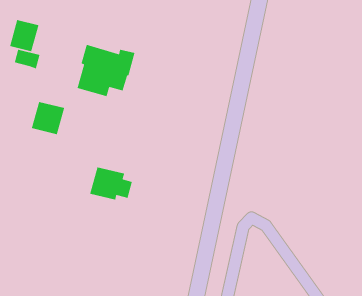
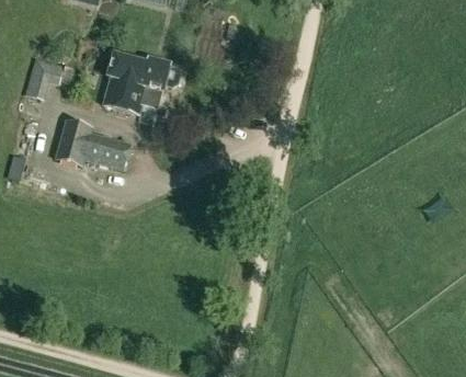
building: [9,19,39,52] -> none
building: [89,166,133,201] -> [82,129,133,169]

